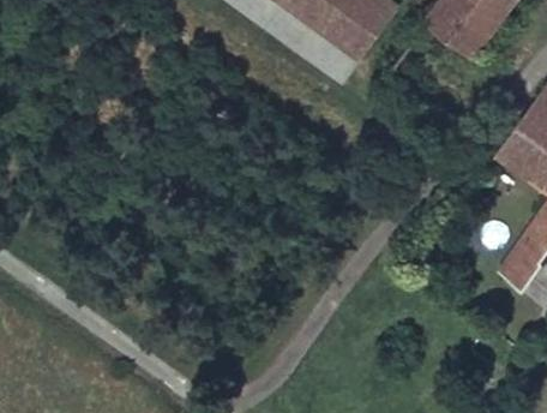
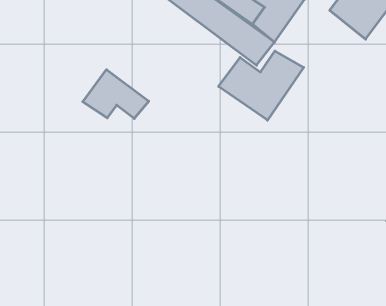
building: none -> [219,51,304,120]
building: none -> [83,70,149,119]

